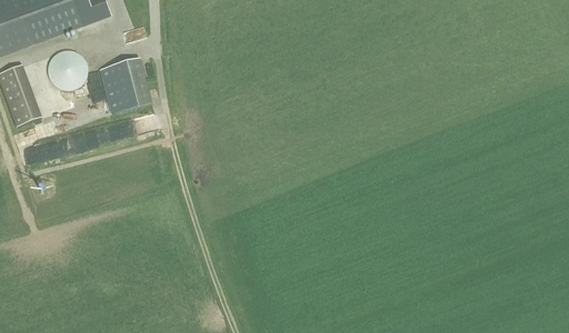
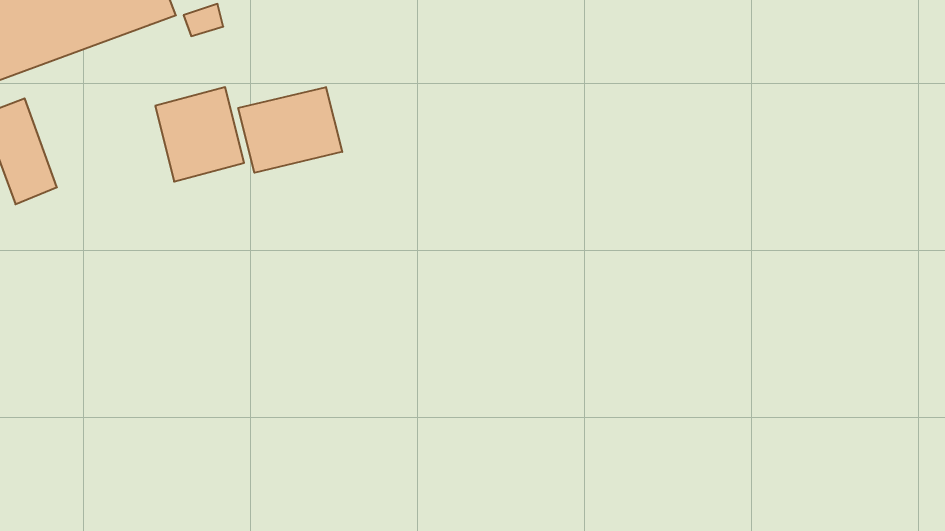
building: [47,50,87,90] -> none
building: none -> [238,87,342,173]

